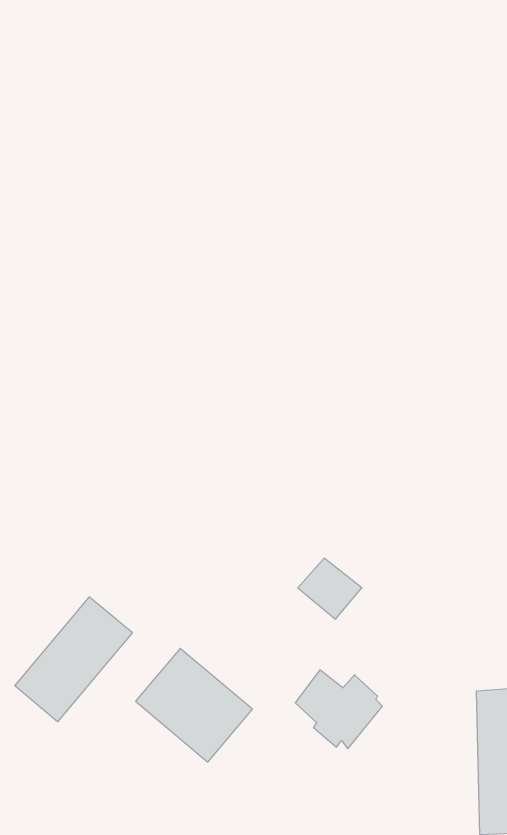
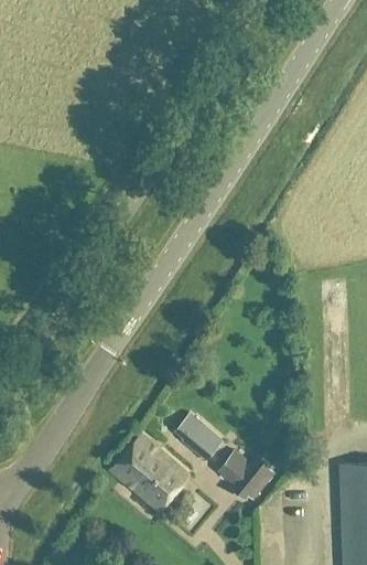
building: [298,558,362,619] -> [182,420,225,461]
building: [15,597,132,722] -> none

